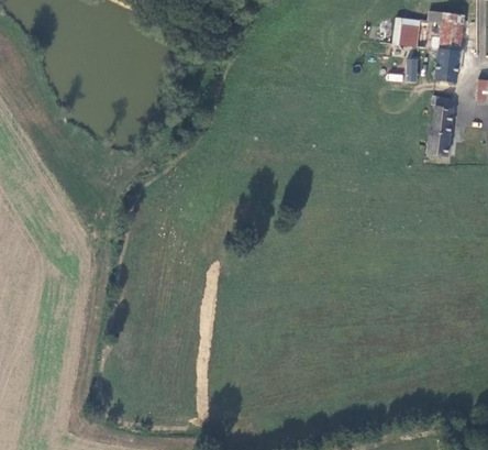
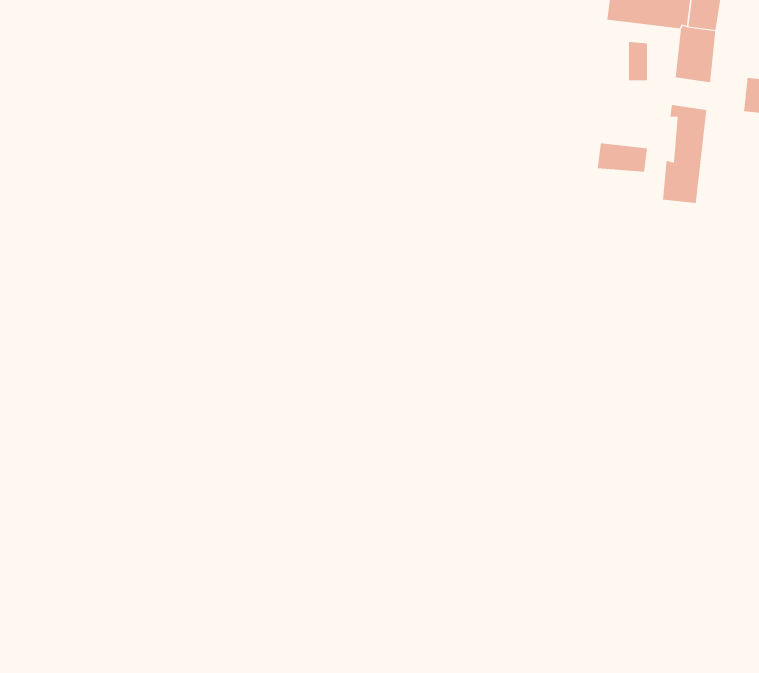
building: none -> [597,142,647,173]

